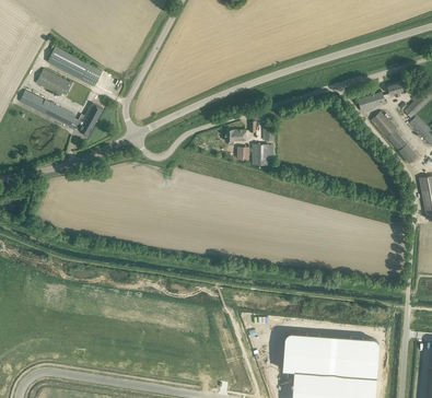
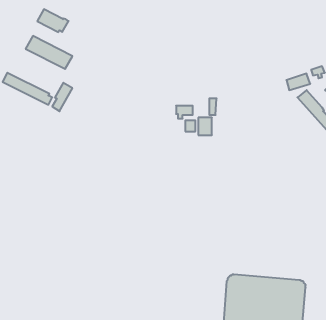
building: [36,69,73,96] -> [37,9,69,32]

